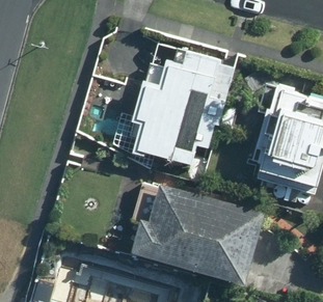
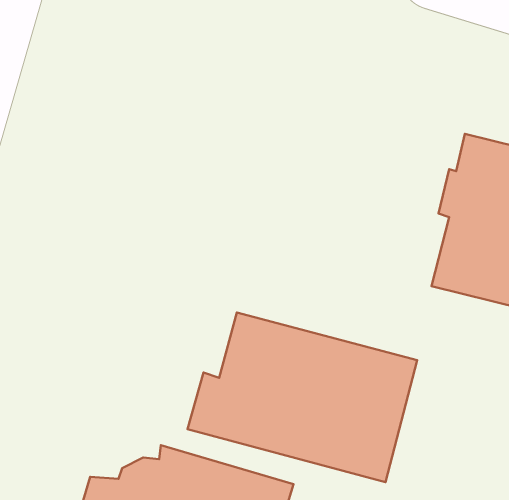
building: [137,46,226,160] -> none

